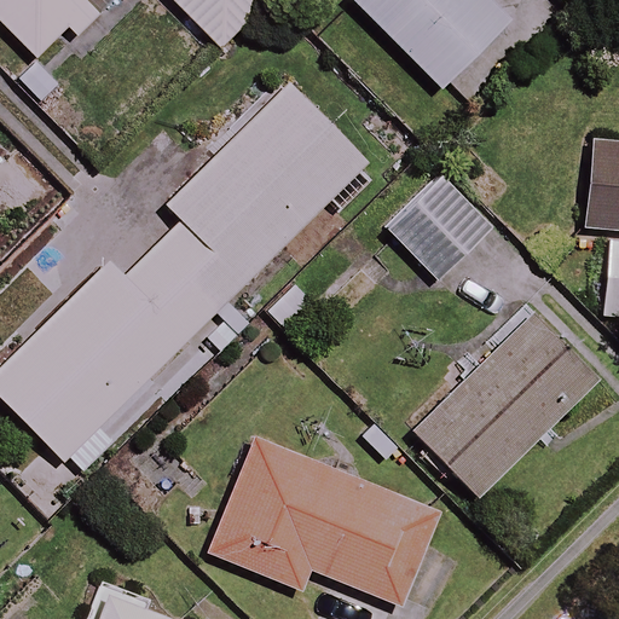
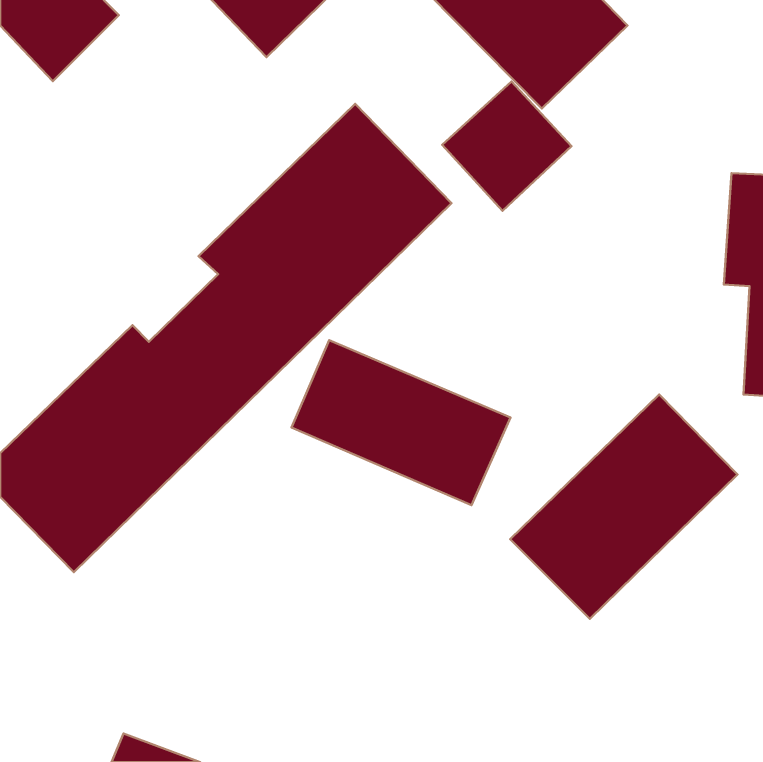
building: [387,177,491,280] -> [442,81,572,211]
building: none -> [292,340,510,505]
building: [206,433,440,606] -> none

